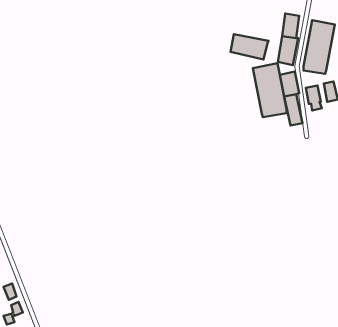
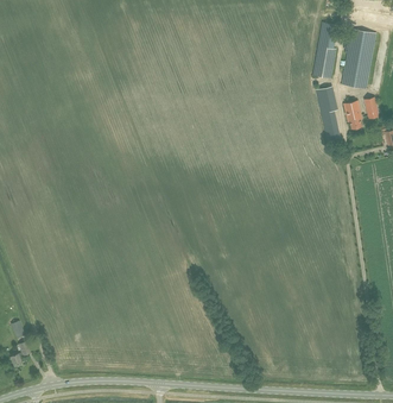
building: [231,34,269,59] -> none
building: [253,63,287,117] -> none

